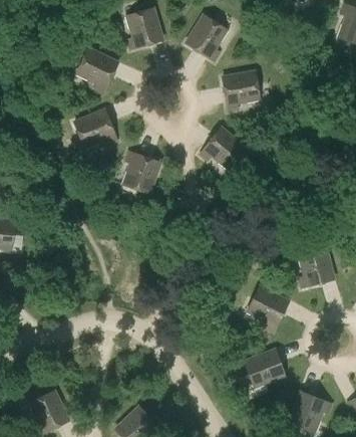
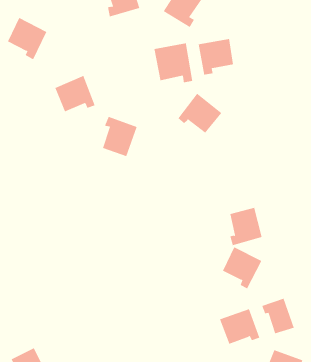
building: [76,47,117,91] -> [7,17,47,60]
building: none -> [154,42,193,83]
building: [299,247,333,287] -> [229,207,262,246]
building: none -> [262,298,294,334]

